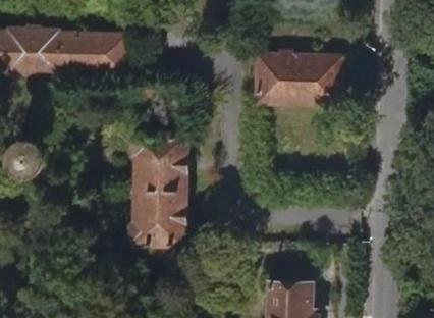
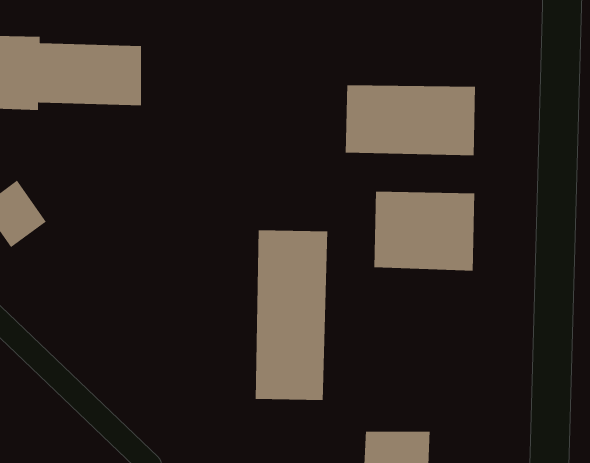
building: none -> [373,191,475,271]
building: [138,135,185,247] -> [255,229,328,401]

